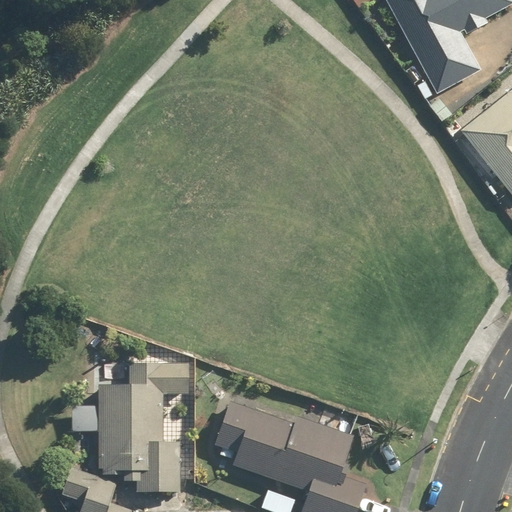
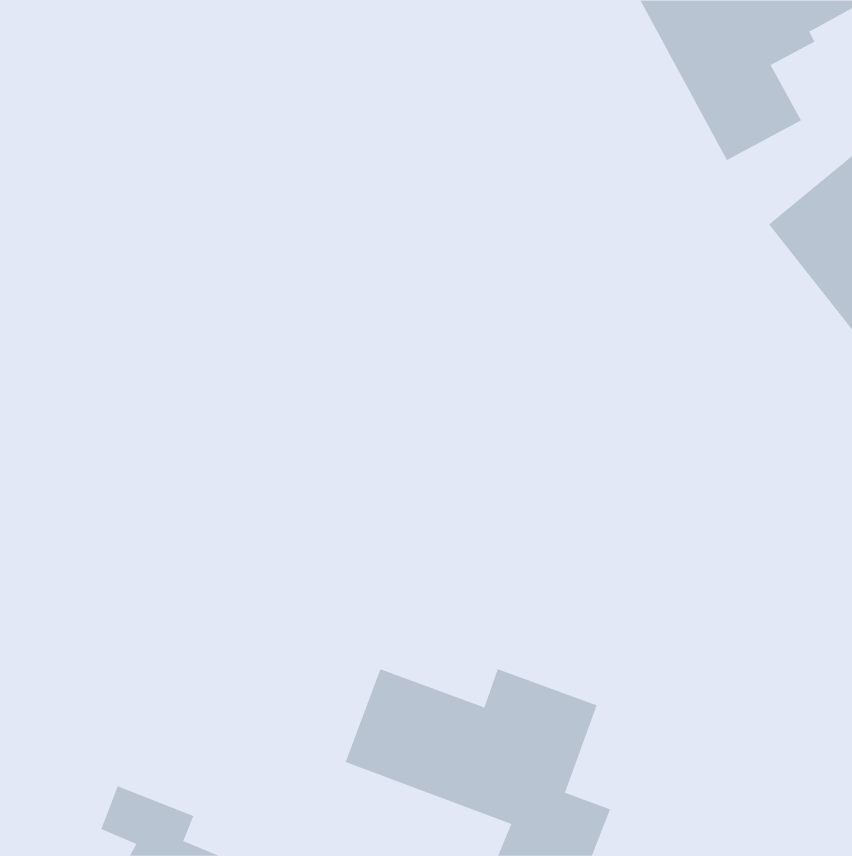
building: [96,364,189,495] -> none

